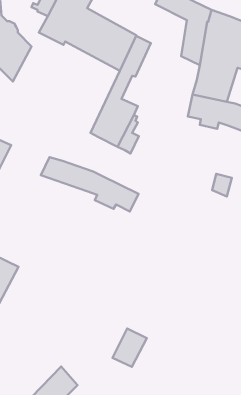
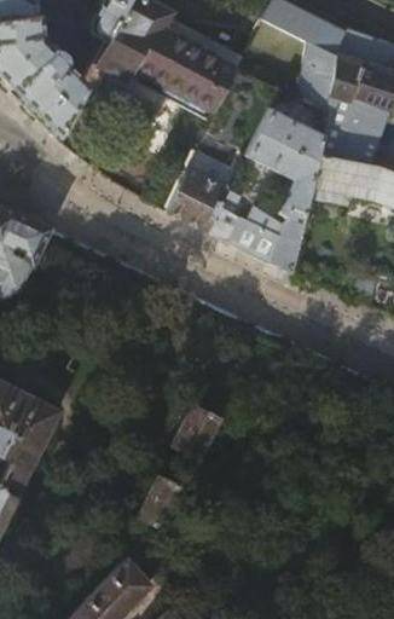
building: none -> [236,109,326,273]
building: [41,157,138,212] -> none
building: none -> [172,404,221,461]
building: [112,329,147,367] -> [137,475,187,532]

